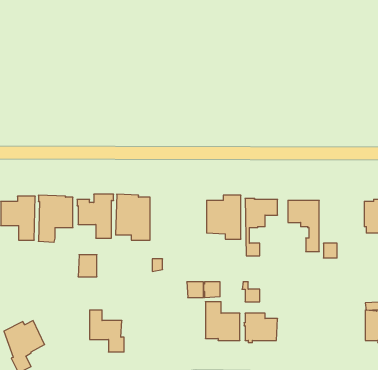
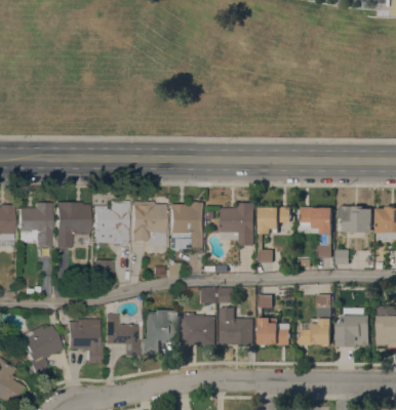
building: none -> [168,202,204,253]
building: none -> [339,206,372,232]
building: none -> [300,294,331,344]
building: none -> [335,308,369,346]
building: none -> [143,310,176,355]
building: none -> [182,312,215,345]
building: none -> [67,320,102,363]

